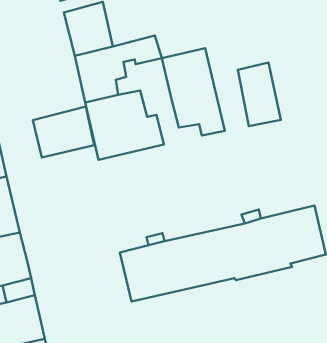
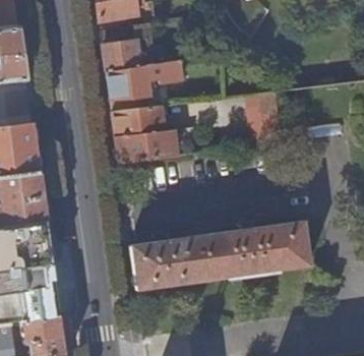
building: [162,48,225,136] -> none
building: [33,106,94,157] -> none

